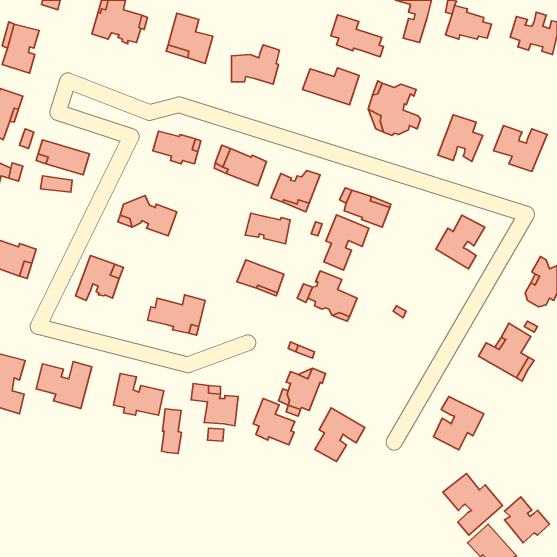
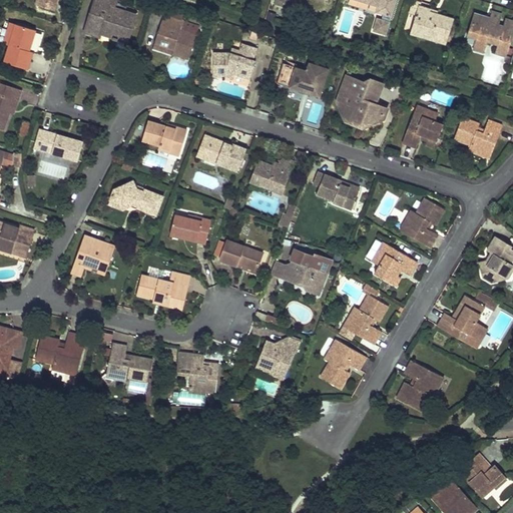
building: [331,15,384,57] -> none
building: [245,213,290,244] -> [168,214,209,242]
building: [324,215,369,270] -> none
building: none -> [371,242,417,287]
building: none -> [342,295,389,346]
building: [253,399,295,445] -> none
building: [315,408,365,461] -> [321,340,367,389]
building: [162,409,181,453] -> none
building: [443,473,503,535] -> none

